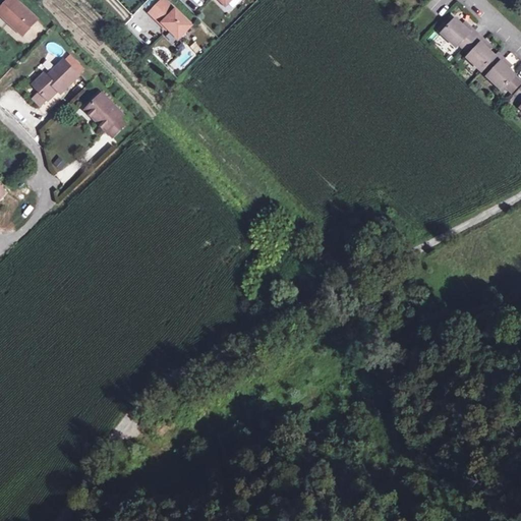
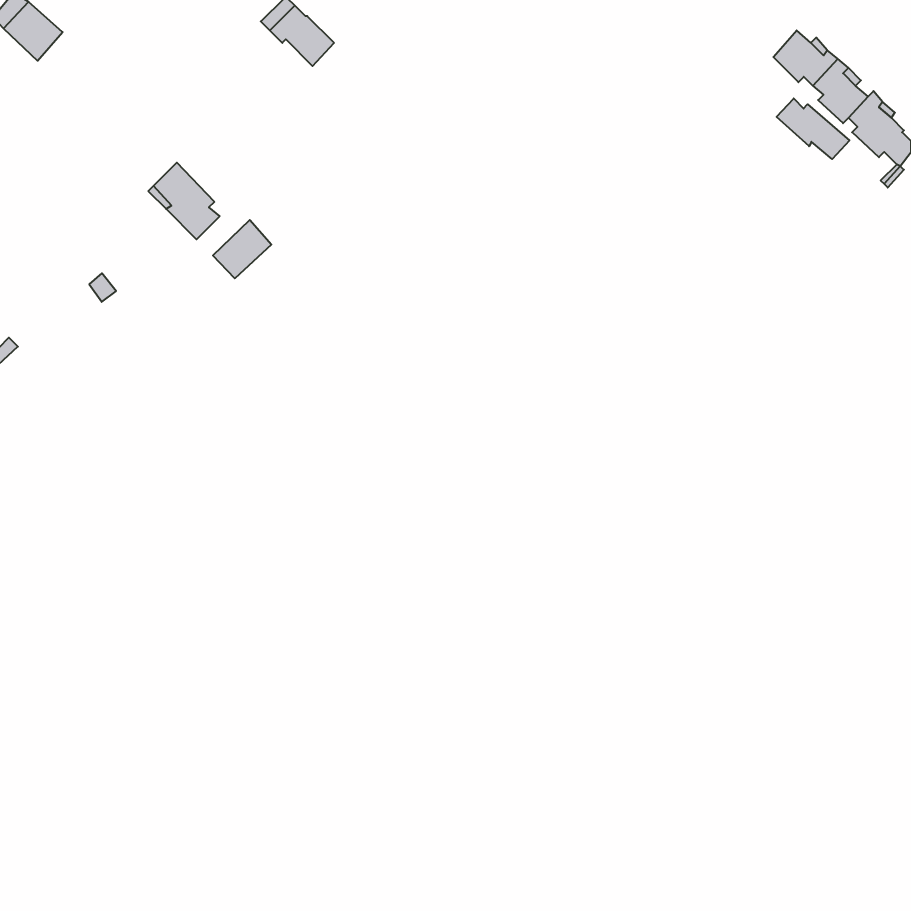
building: none -> [777,98,849,159]
building: [34,60,77,99] -> none
building: none -> [213,220,271,278]

